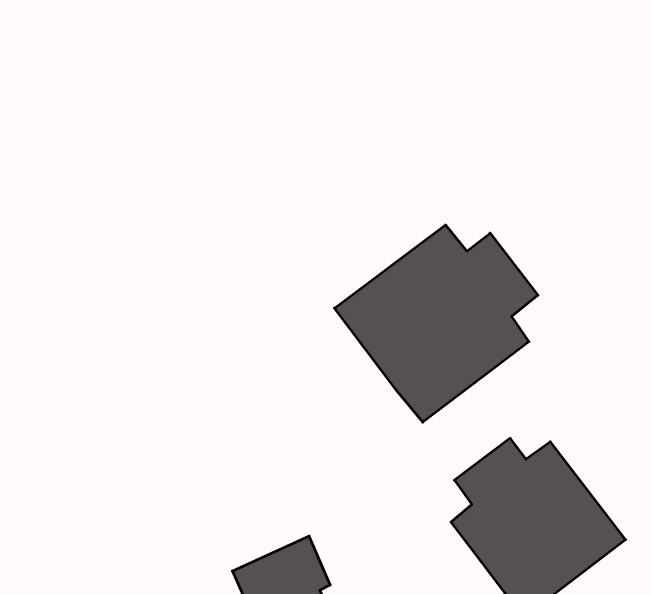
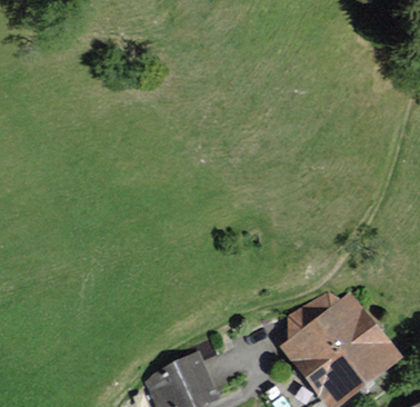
building: [334,225,538,422] -> none

